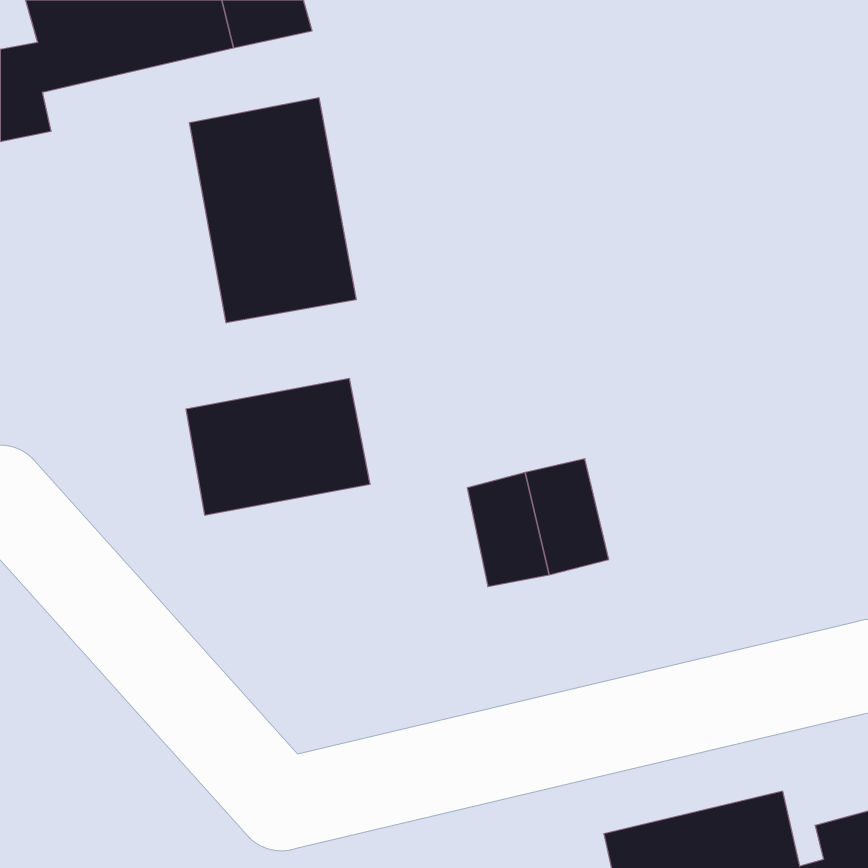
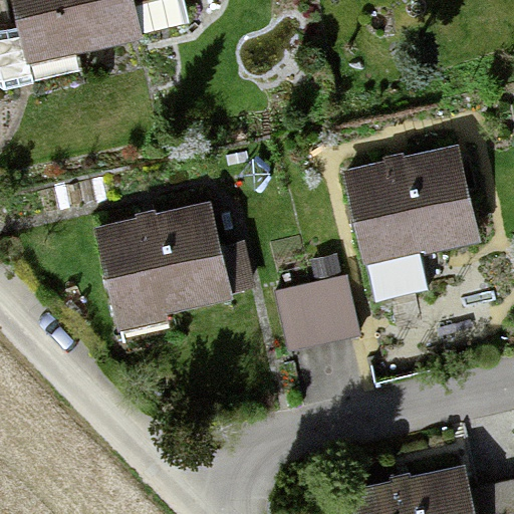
building: [189,98,356,323] -> none
building: none -> [352,167,469,257]

